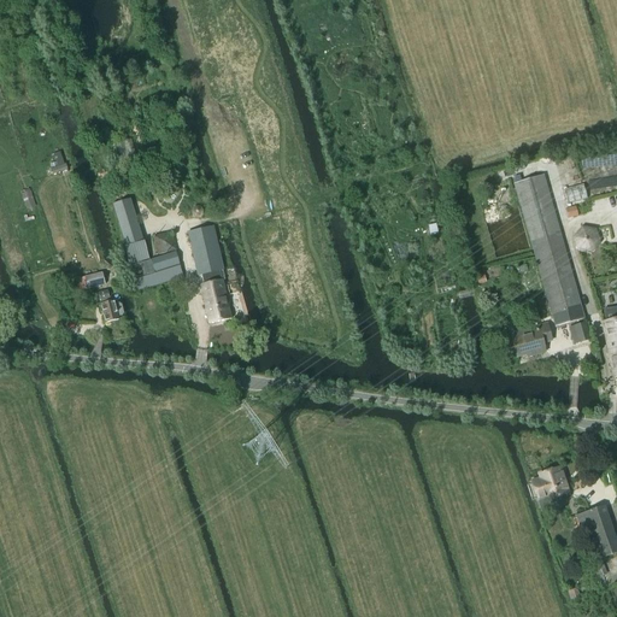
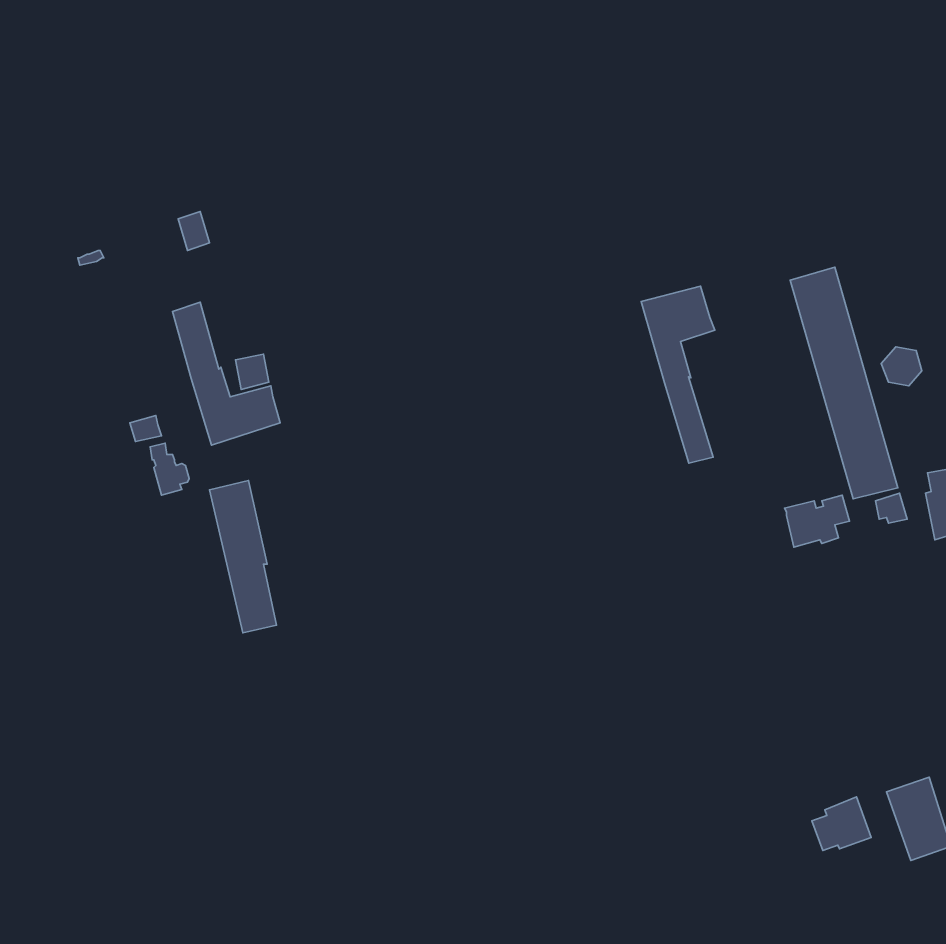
building: none -> [641,286,715,463]
building: [188,224,231,323] -> [210,481,276,633]
building: [531,465,570,500] -> [812,797,871,851]

